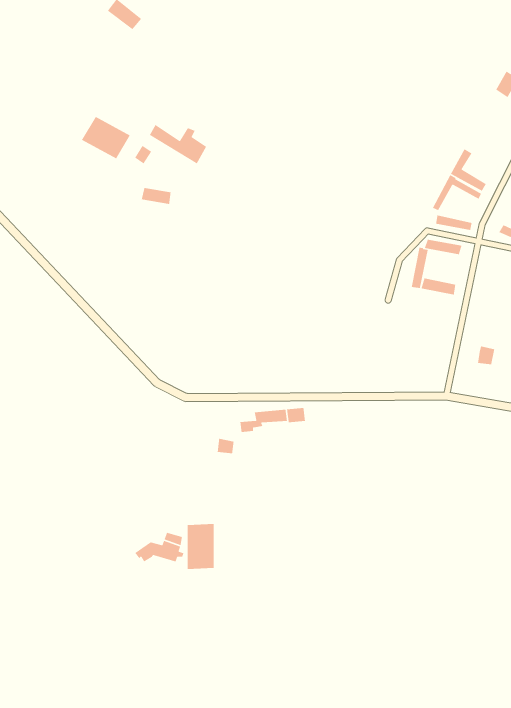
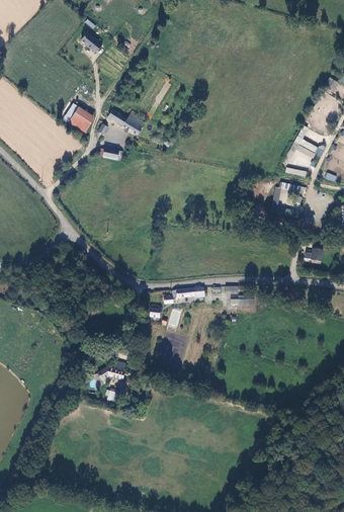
building: [187,523,214,570] -> none

